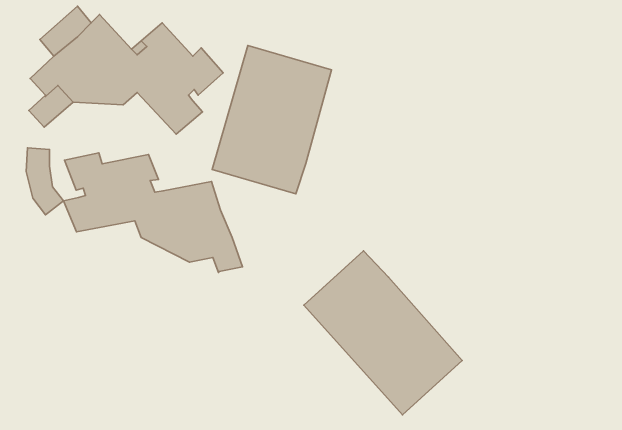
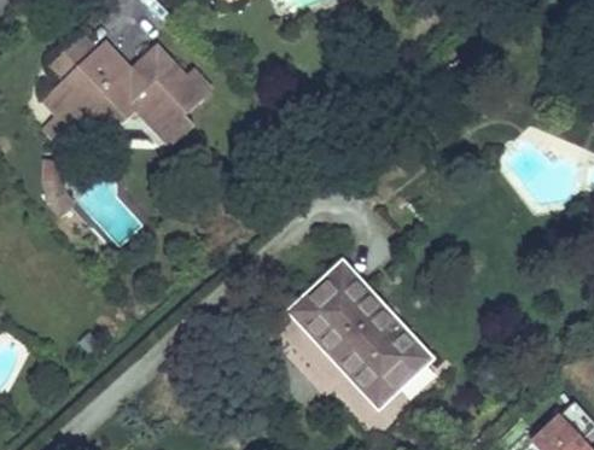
building: [212,45,332,194] -> none
building: [64,153,242,273] -> none

